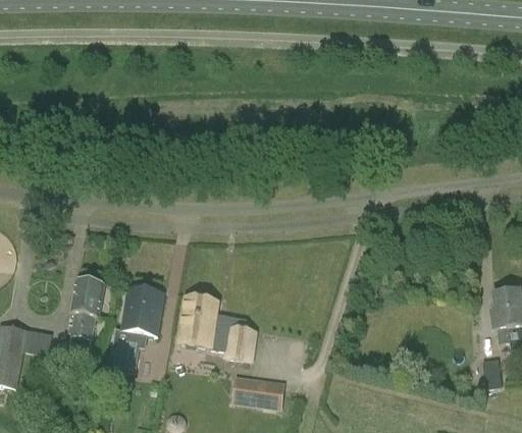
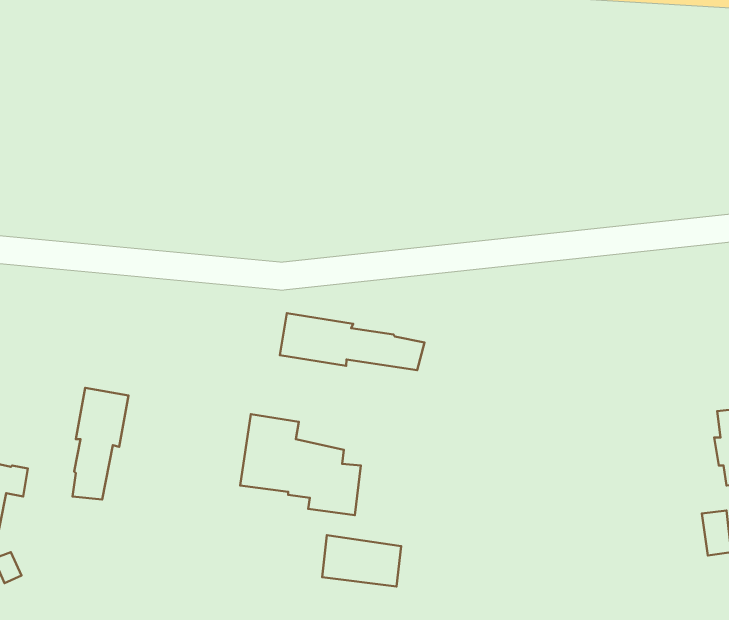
building: none -> [280,313,425,370]
building: [109,286,164,373] -> none

